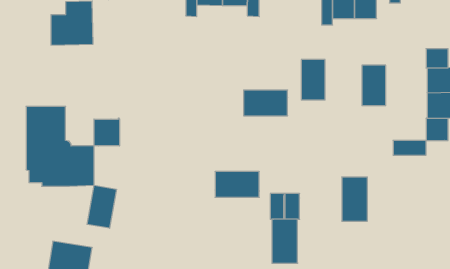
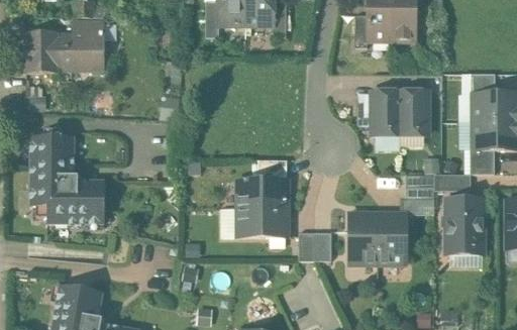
building: none -> [24,32,58,72]
building: [301,60,325,100] -> [374,91,400,135]
building: [244,90,288,116] -> [238,180,287,208]
building: [94,118,119,146] -> none
building: none -> [406,174,434,199]
building: none -> [446,198,483,254]
building: [87,185,116,228] -> none
building: [272,219,298,263] -> [349,214,378,262]

